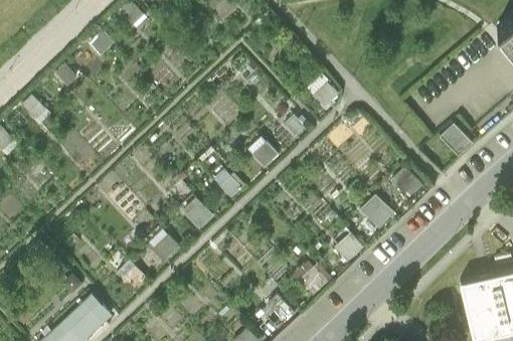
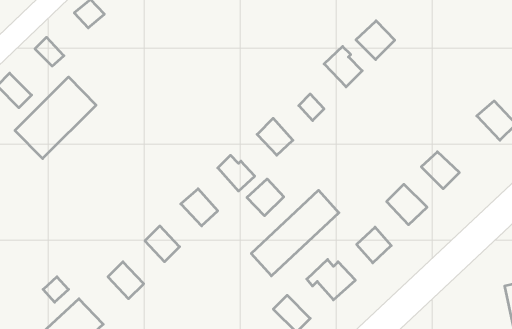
building: none -> [356,21,395,60]
building: none -> [15,77,96,159]
building: none -> [247,179,284,216]
building: none -> [251,190,339,276]

